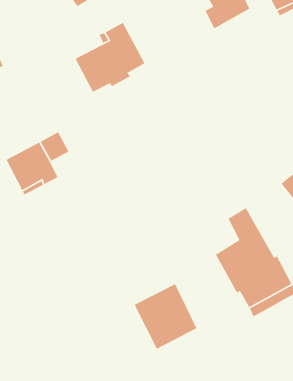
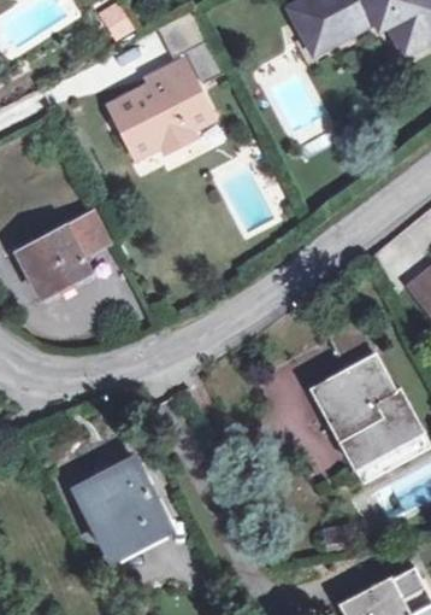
building: [134,283,198,350] -> [75,458,165,552]

